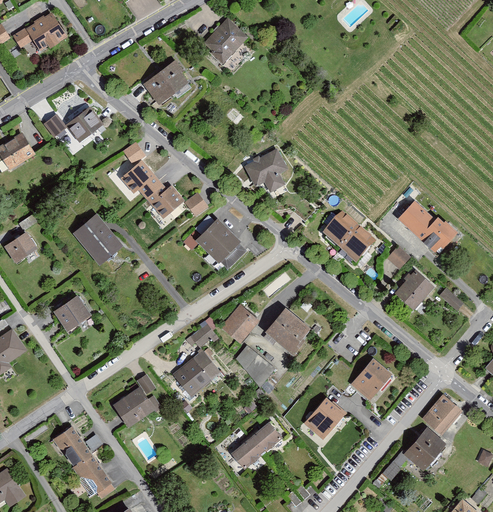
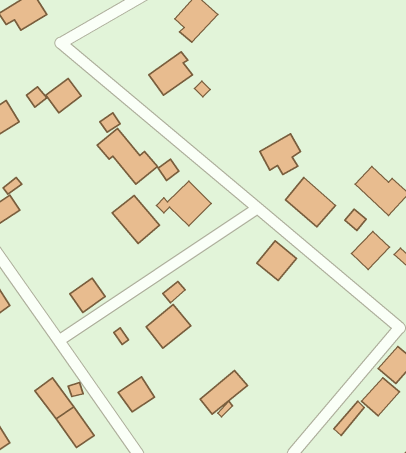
building: [142,59,189,106] -> [149,52,192,95]
building: [244,148,288,192] -> [260,134,301,175]
building: [71,213,122,265] -> [112,195,159,244]
building: [51,294,89,331] -> [70,278,105,312]
building: [221,303,259,342] -> none
building: [266,307,309,350] -> [257,241,297,281]
building: [238,344,276,386] -> none
building: [351,357,391,399] -> none
building: [113,388,152,426] -> [118,377,154,412]
building: [305,398,346,439] -> none

